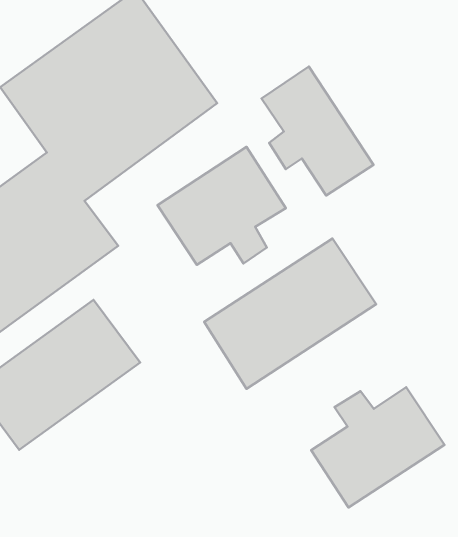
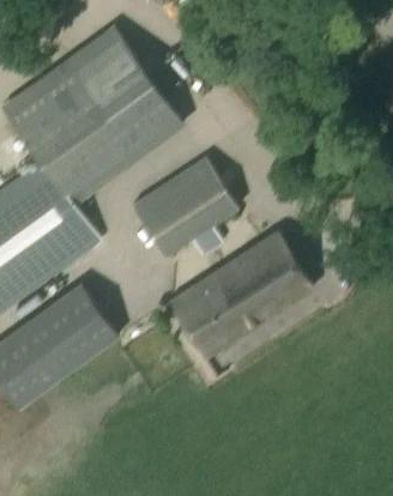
building: [261,66,373,196] -> none
building: [311,387,445,508] -> none

